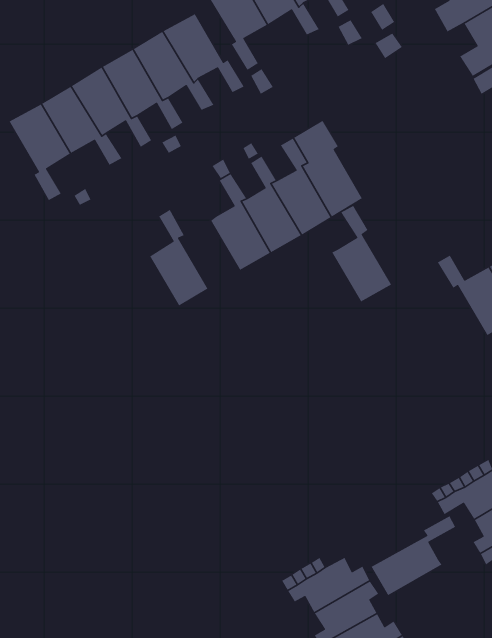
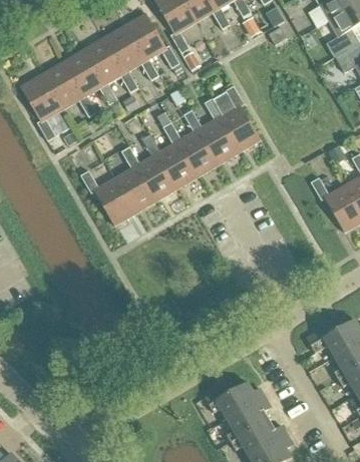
building: [331,205,392,303] -> [135,134,176,200]
building: none -> [80,161,135,225]
building: [371,515,456,596] -> none

